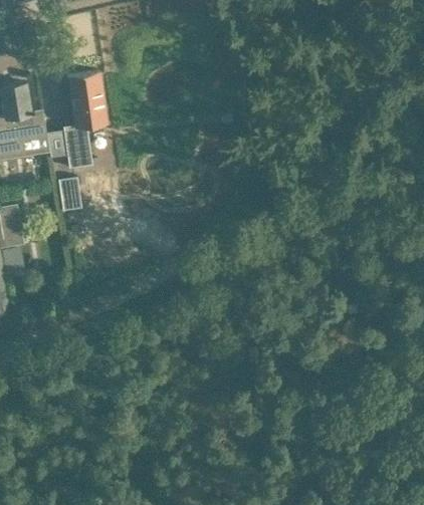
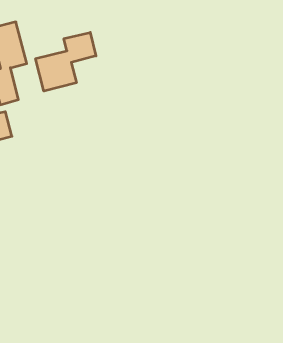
building: none -> [36,32,96,91]

